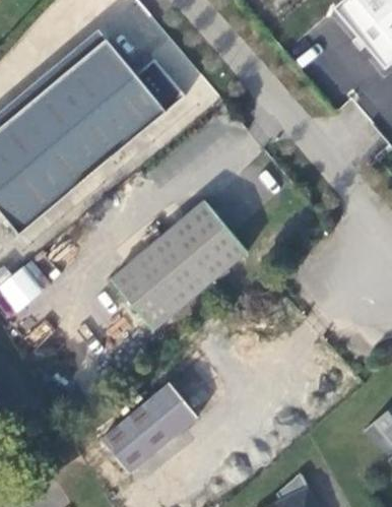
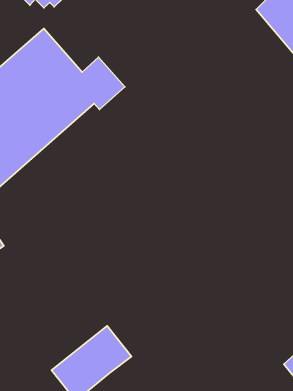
building: [110,206,247,333] -> none

